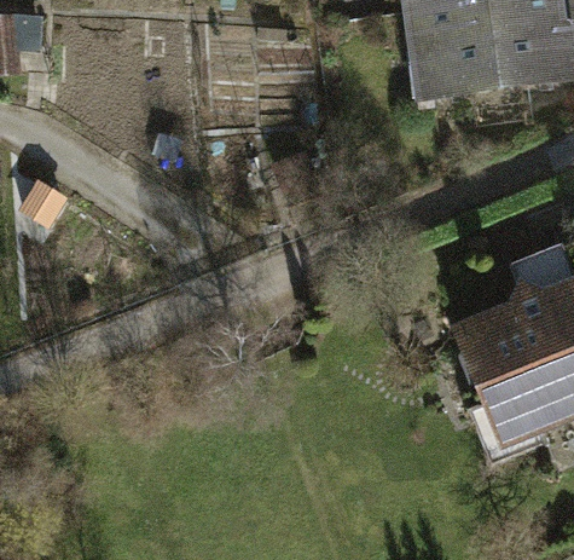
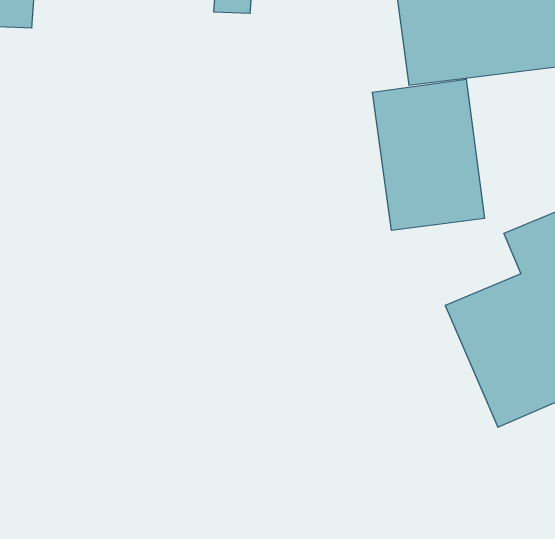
building: none -> [372,79,484,230]

